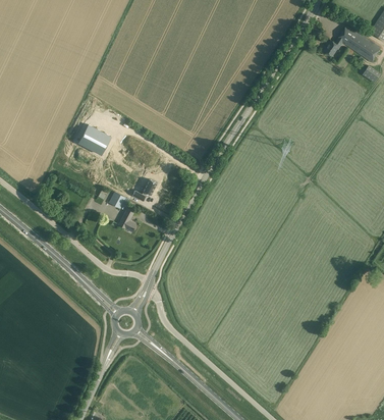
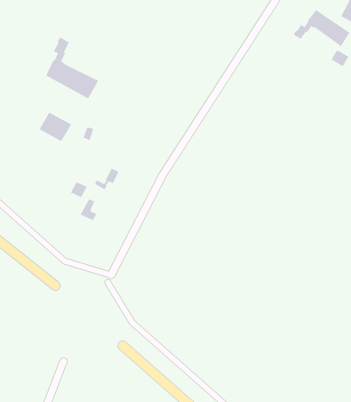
building: none -> [45,36,99,99]

